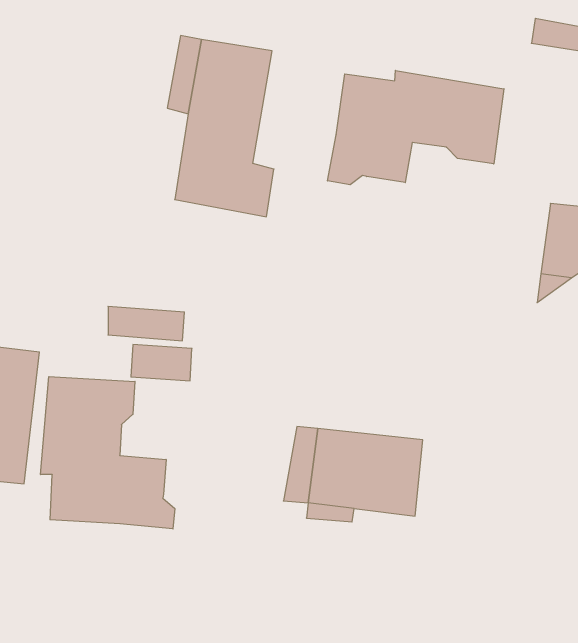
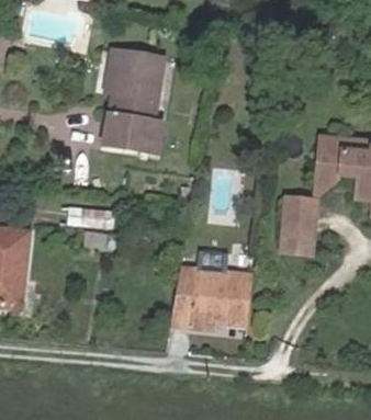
building: [328,70,504,185] -> none
building: none -> [280,202,316,259]
building: [41,377,175,529] -> none

